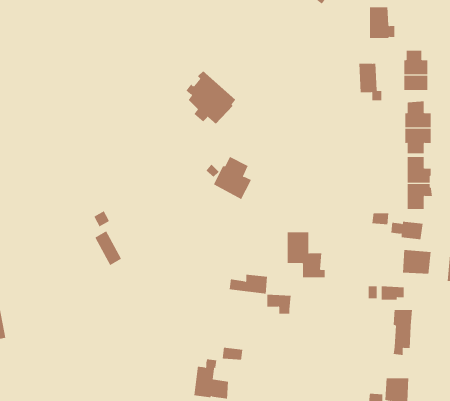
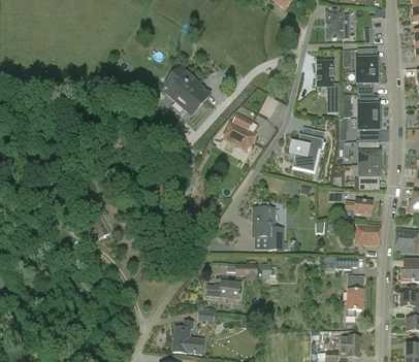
building: none -> [289,125,324,167]
building: [213,156,252,200] -> [223,111,257,150]
building: [229,274,268,294] -> [206,281,240,298]

